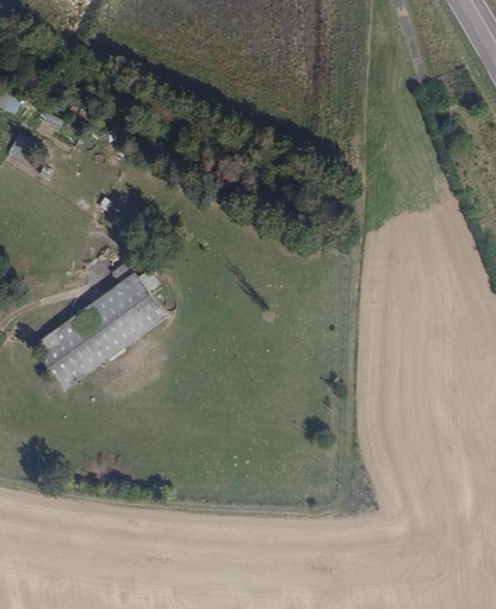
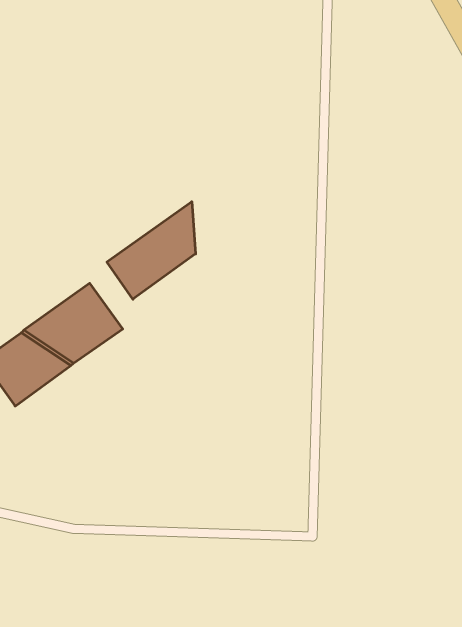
building: none -> [107,202,196,299]

